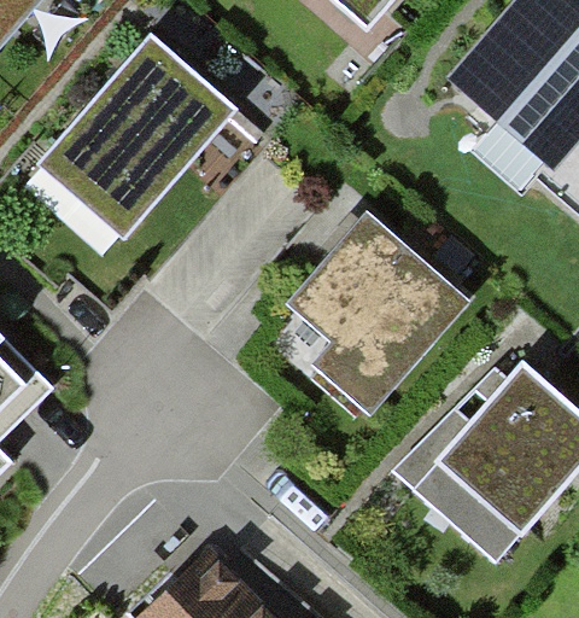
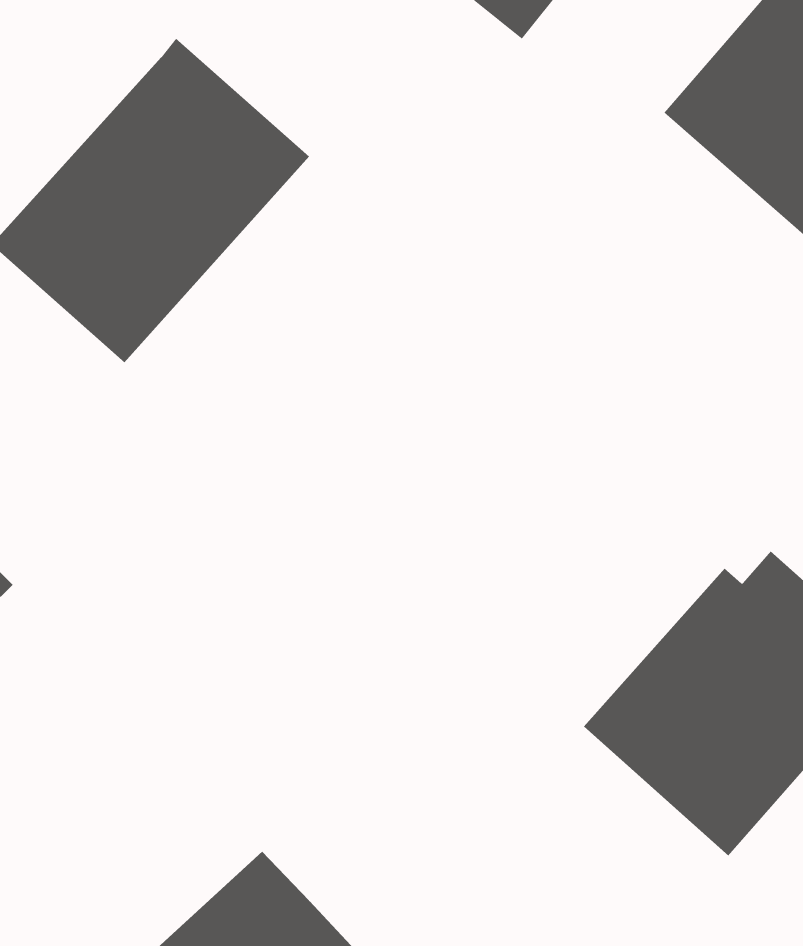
building: [283,215,460,414] -> none

